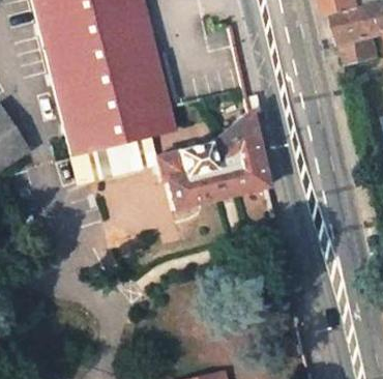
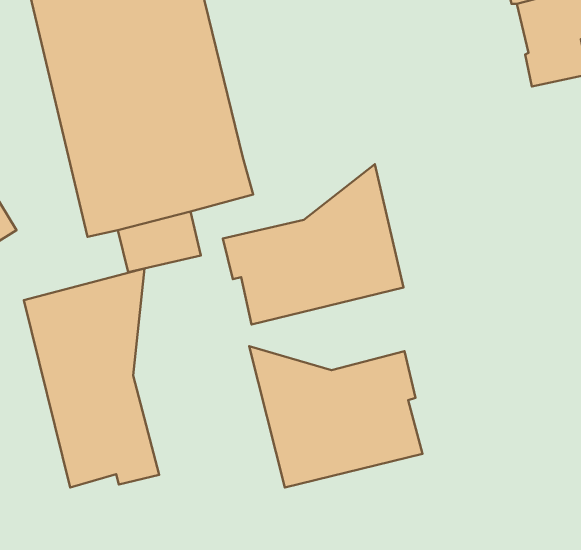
building: none -> [24,268,159,487]
building: none -> [249,346,423,488]

